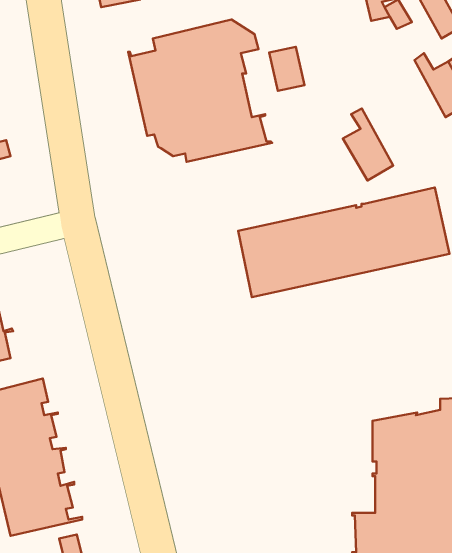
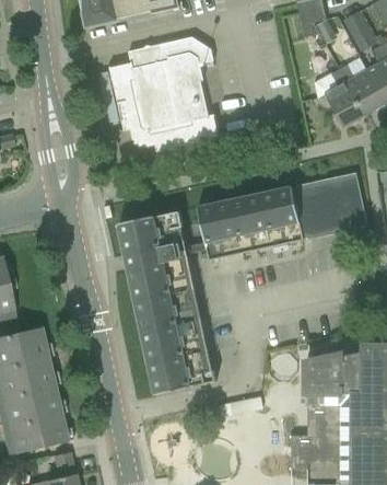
building: [269,47,305,91] -> none
building: [343,109,393,180] -> [325,69,365,127]
building: none -> [119,211,216,394]

